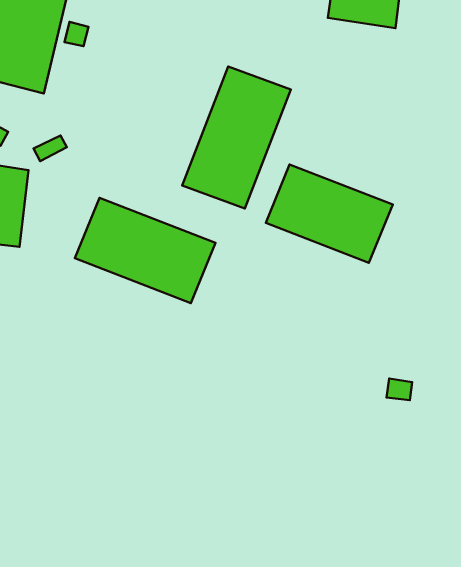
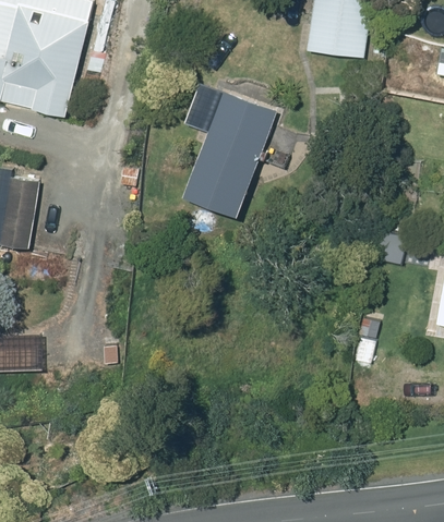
building: [266,165,393,263] -> none
building: [75,198,216,303] -> none

